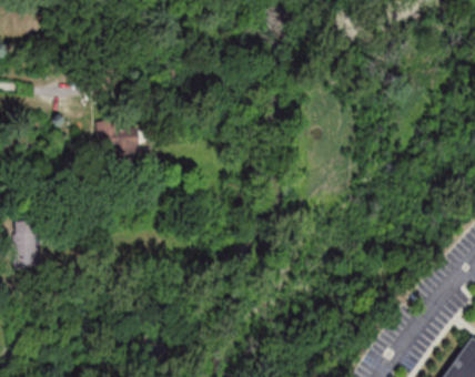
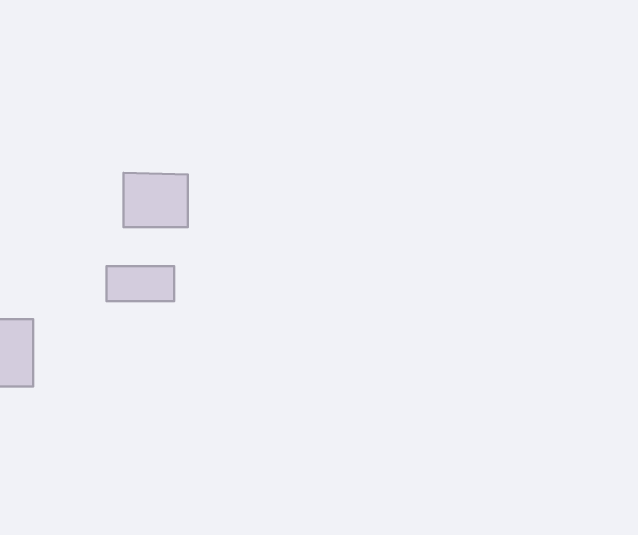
building: none -> [106,266,174,301]

